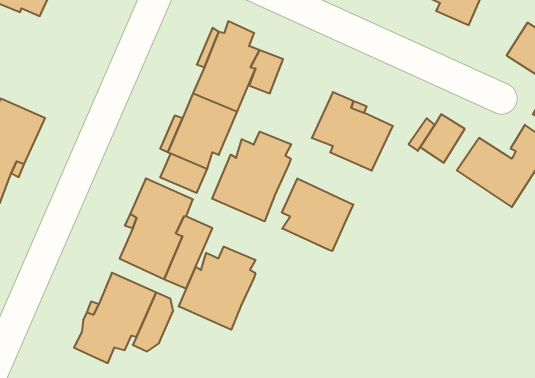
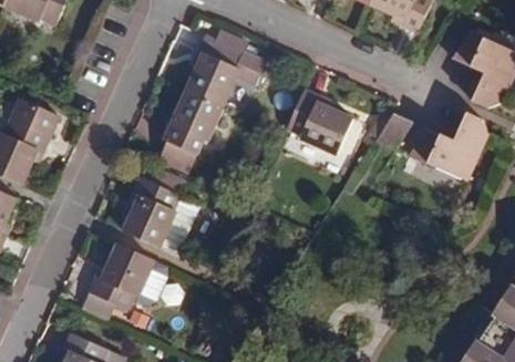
building: [212,132,291,221] -> none
building: [282,178,353,251] -> none
building: [179,247,255,330] -> none

